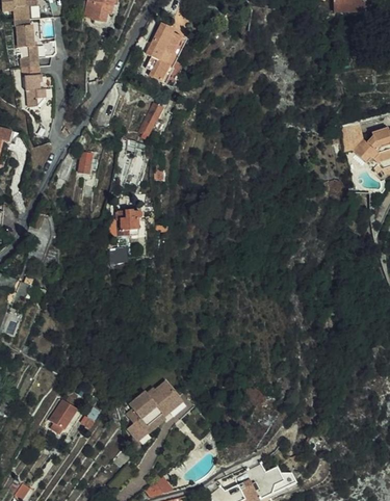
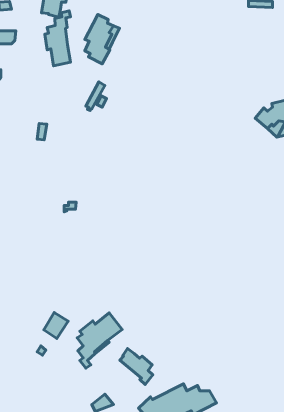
building: none -> [45,11,71,66]
building: [119,206,145,232] -> none
building: [47,402,76,433] -> [44,312,68,338]
building: none -> [120,348,153,384]

